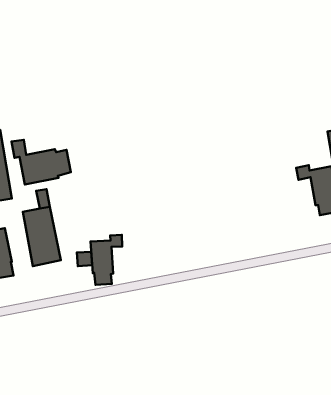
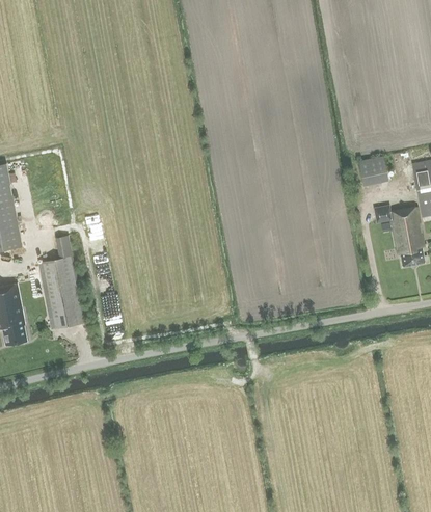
building: none -> [359,155,392,184]
building: [11,140,71,185] -> none
building: [91,235,122,285] -> none

